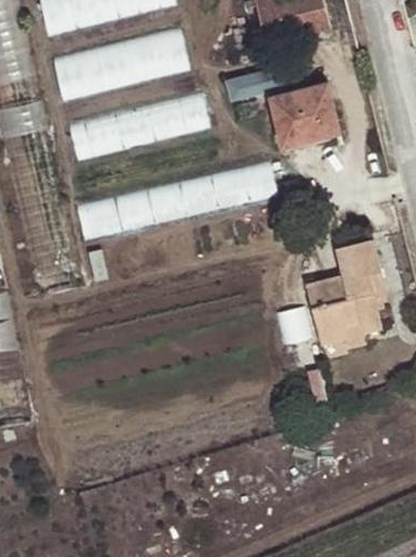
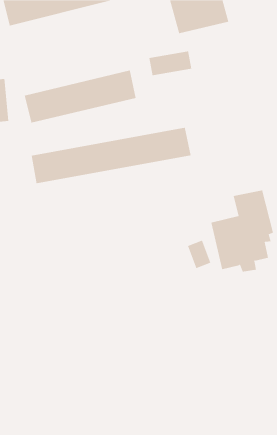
building: [54,26,194,100] -> none
building: [268,85,337,147] -> none

